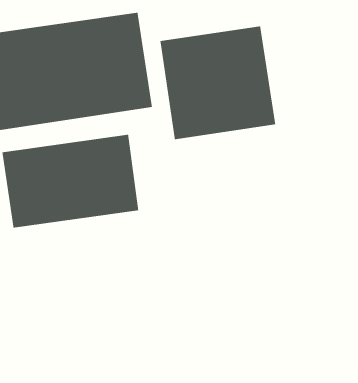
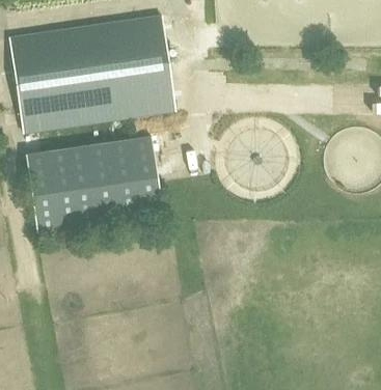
building: [160,25,276,140] -> none

